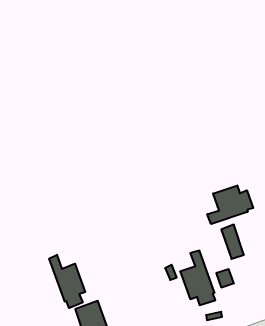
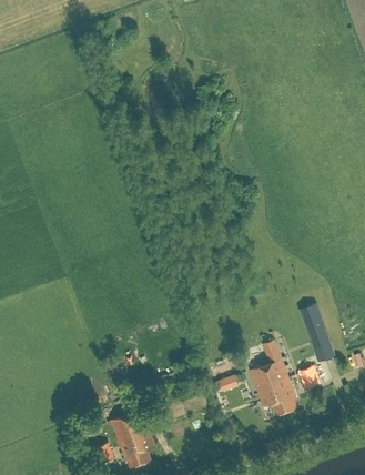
building: [207,185,253,224] -> none
building: [49,255,85,308] -> none

